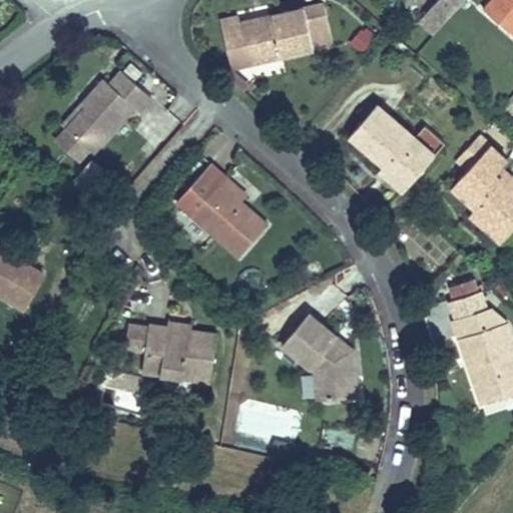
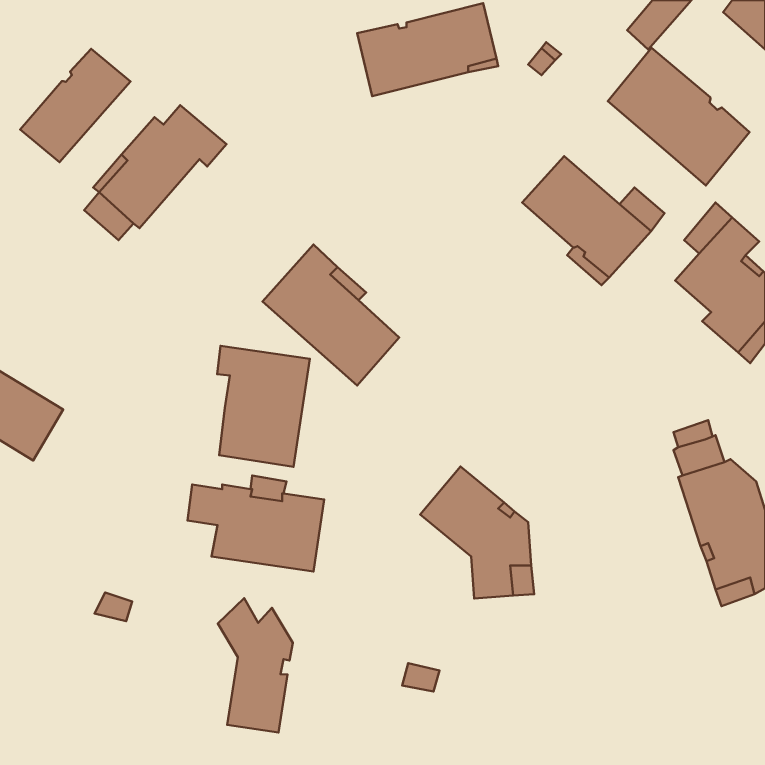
building: none -> [608,48,750,186]
building: none -> [20,49,130,162]
building: none -> [217,346,310,467]
building: none -> [218,598,293,733]

